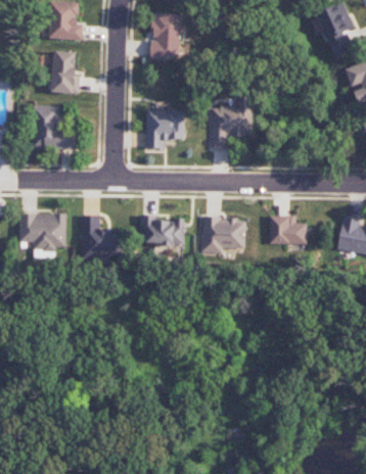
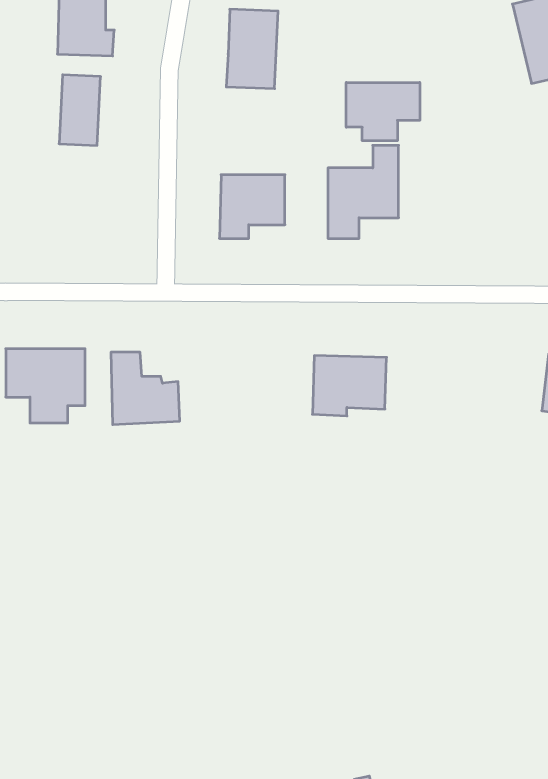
building: none -> [346,82,420,141]
building: [31,105,74,149] -> none
building: [143,216,184,245] -> none
building: [268,216,307,244] -> none

